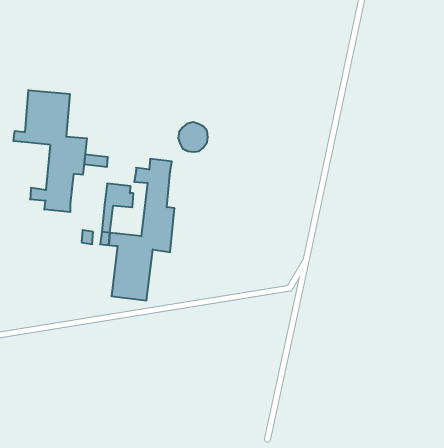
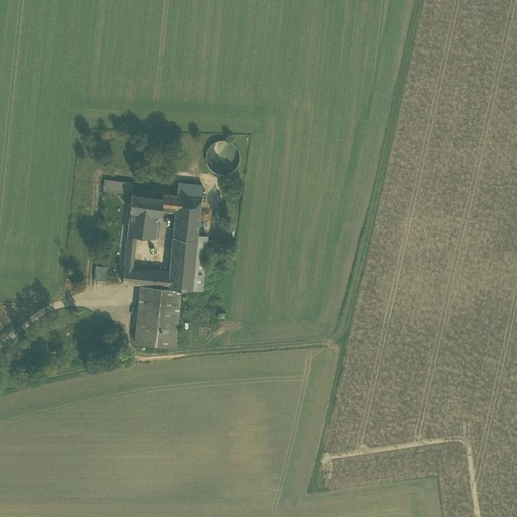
building: [13,90,87,212] -> none
building: none -> [128,193,162,216]

